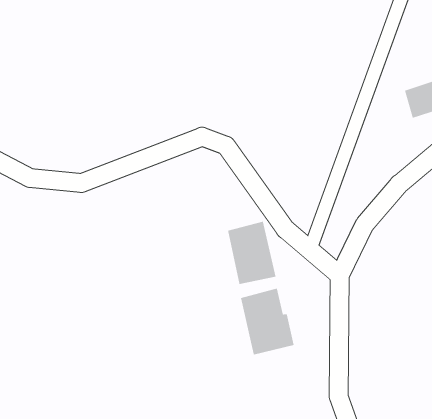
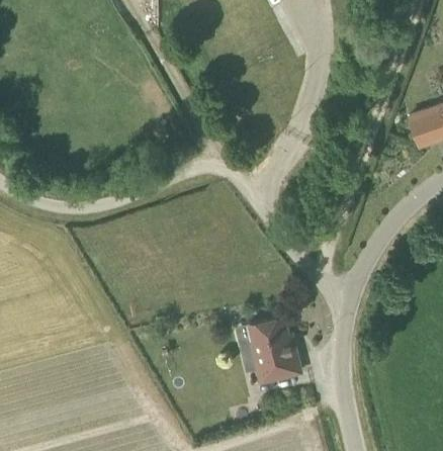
building: [228,221,276,285] -> none

